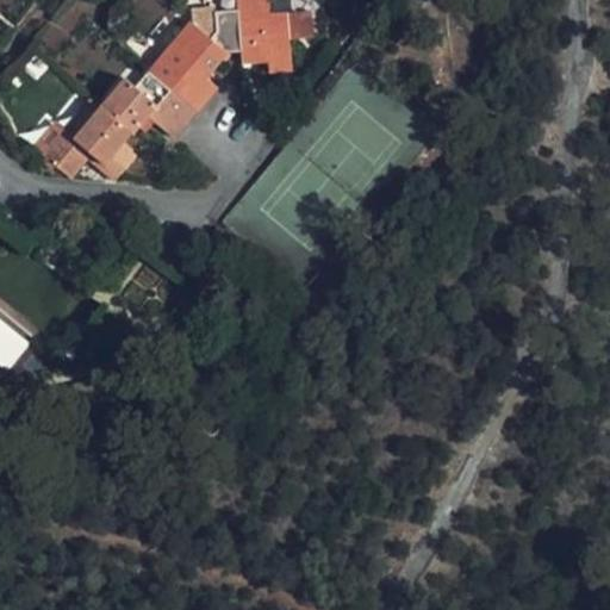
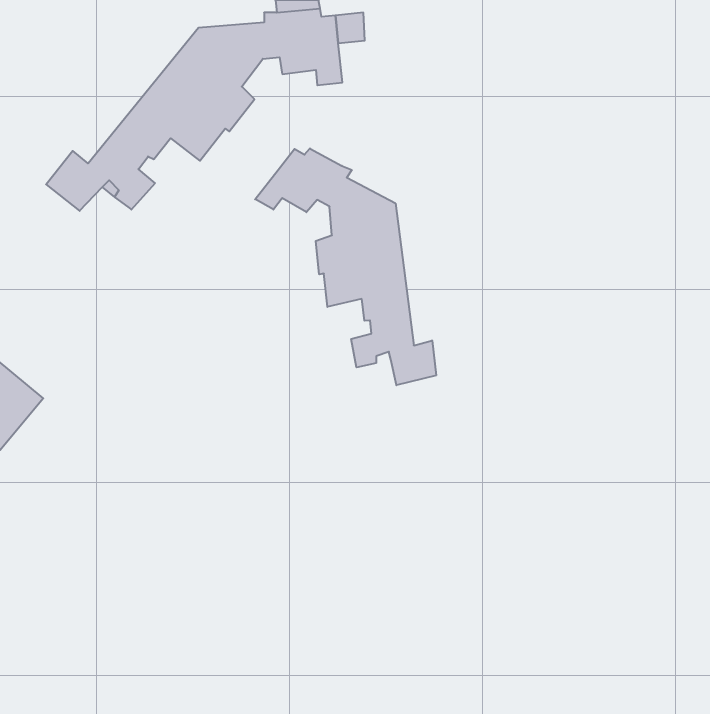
building: none -> [255,148,436,385]

